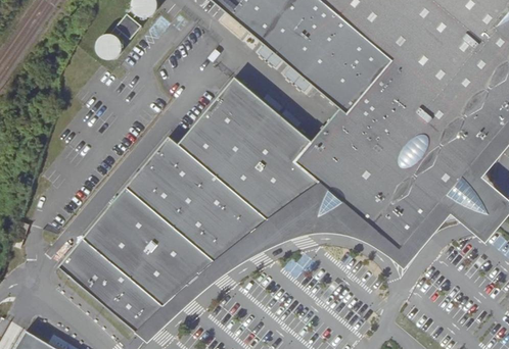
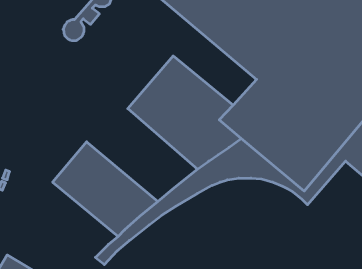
building: [126,137,266,261] -> none
building: [59,237,166,332] -> none

